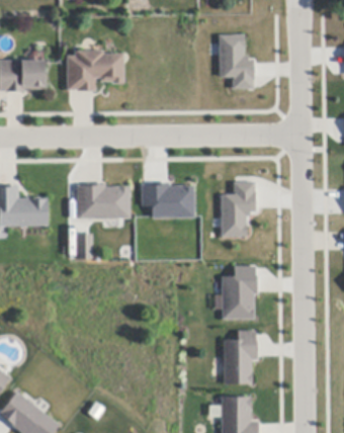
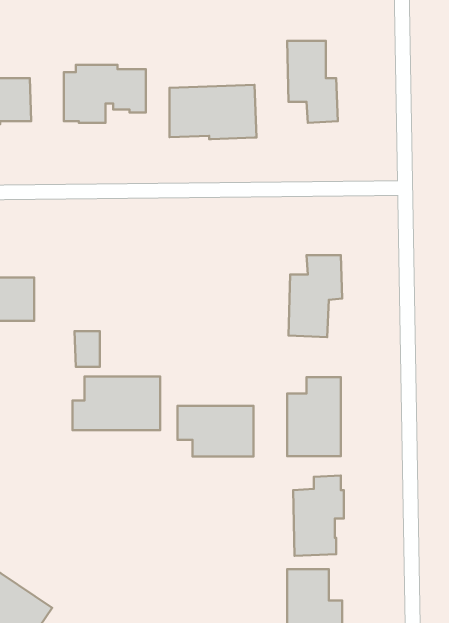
building: none -> [169,85,256,139]
building: [69,182,128,219] -> [73,377,160,430]
building: [141,182,192,216] -> [178,406,253,456]

